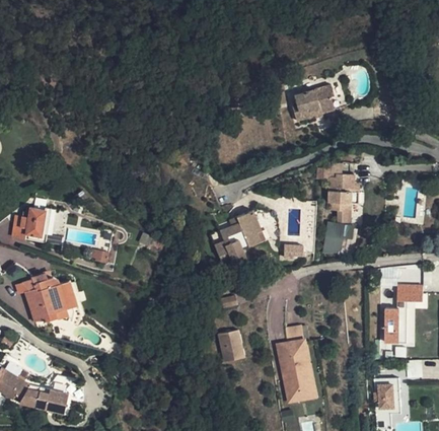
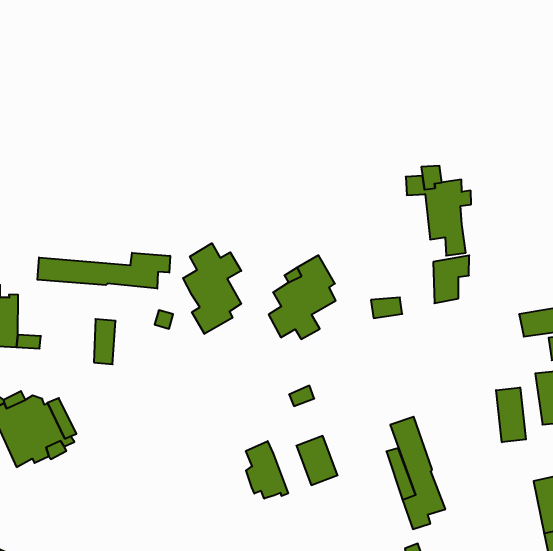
building: [291,84,334,122] -> none
building: none -> [37,253,170,289]
building: none -> [183,243,241,334]
building: none -> [496,387,526,442]
building: none -> [246,441,288,499]

